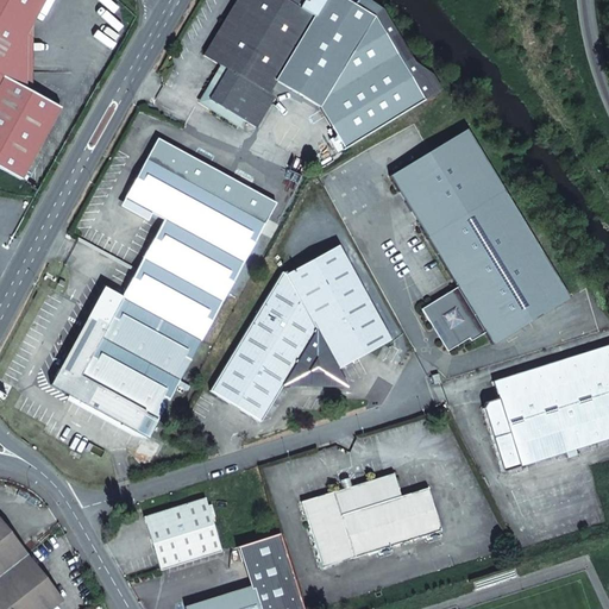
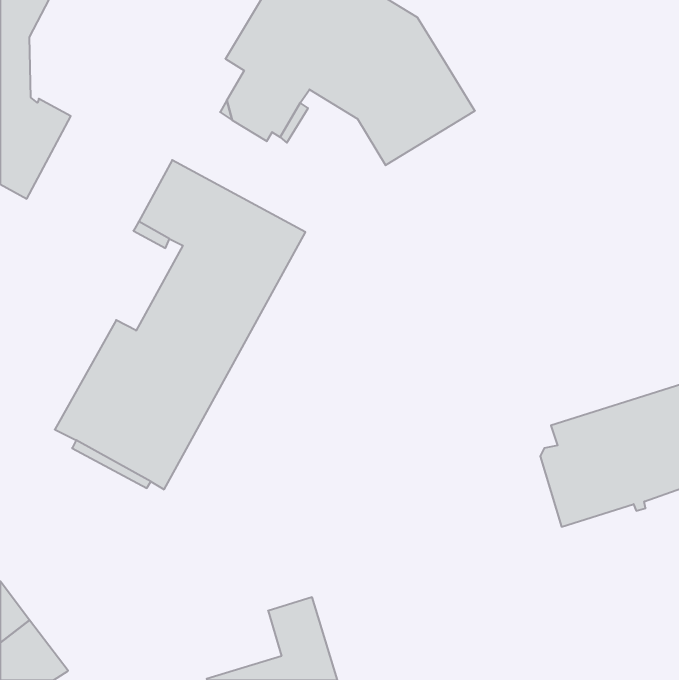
building: [391,128,569,343] -> none
building: [211,245,391,420] -> none
building: [302,472,442,566] -> none
building: [146,497,222,569] -> none

